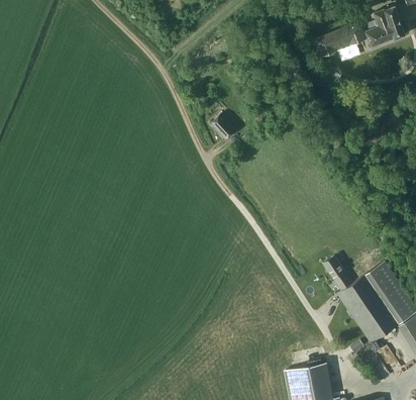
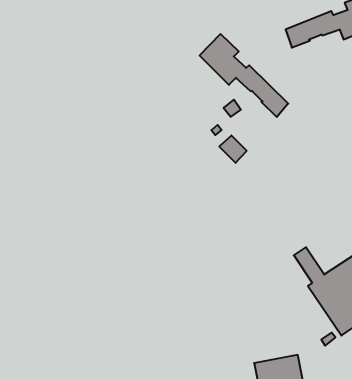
building: none -> [200,34,288,117]
building: [210,113,237,140] -> [219,135,247,163]

